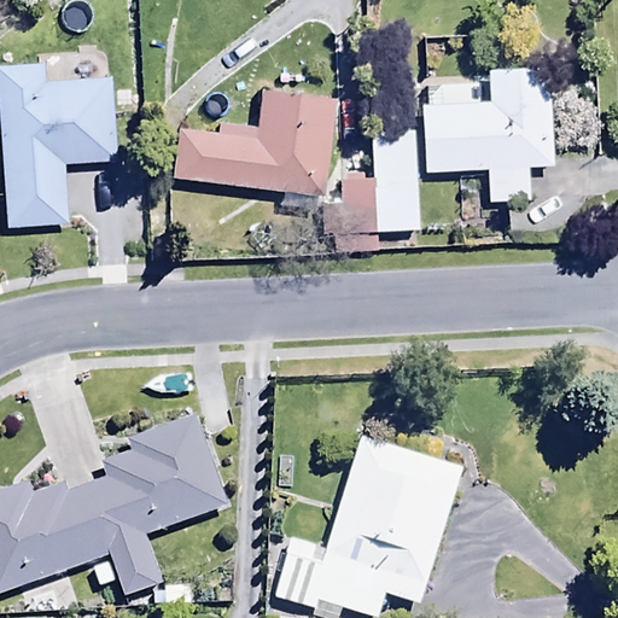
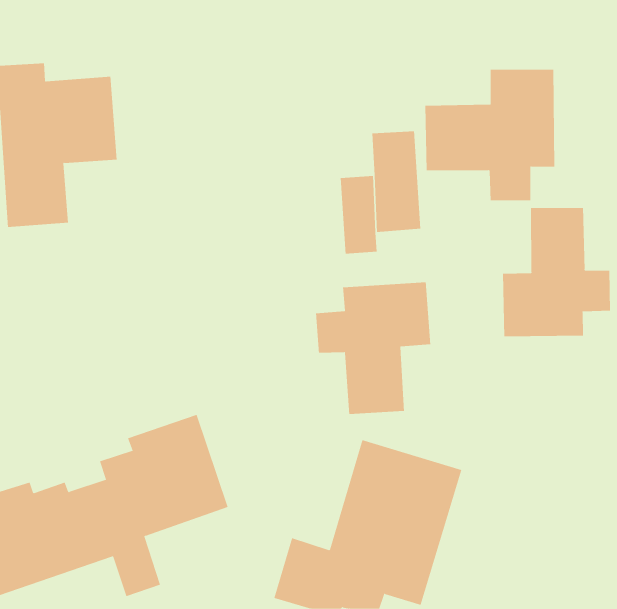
building: [174,91,336,196] -> none
building: none -> [502,207,611,337]
building: none -> [316,281,431,415]

